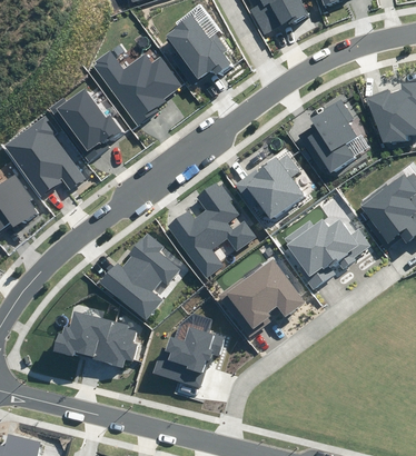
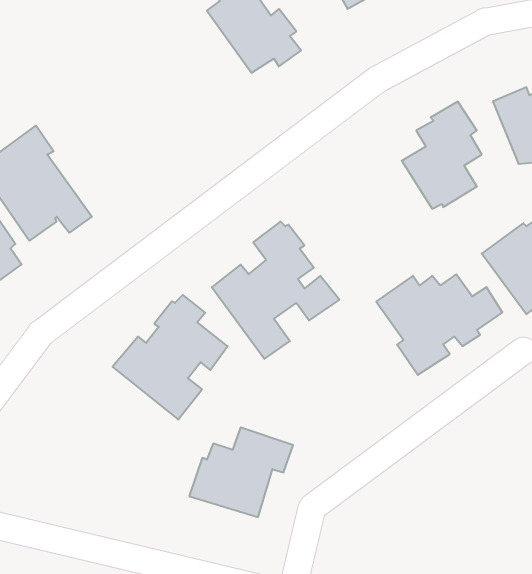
building: [92,51,181,127] -> none
building: [47,89,120,162] -> none
building: [235,153,303,220] -> none
building: [217,259,304,338] -> none
building: [52,310,137,368] -> none

